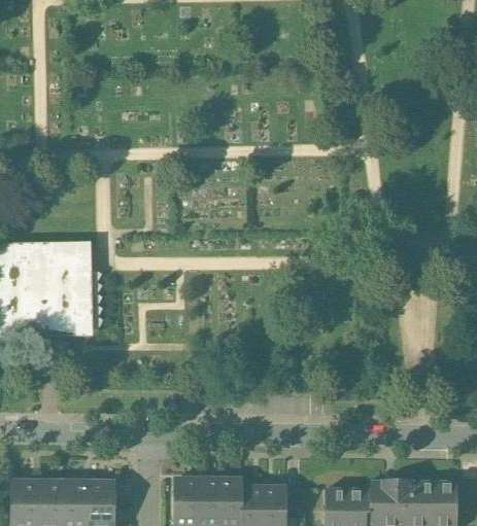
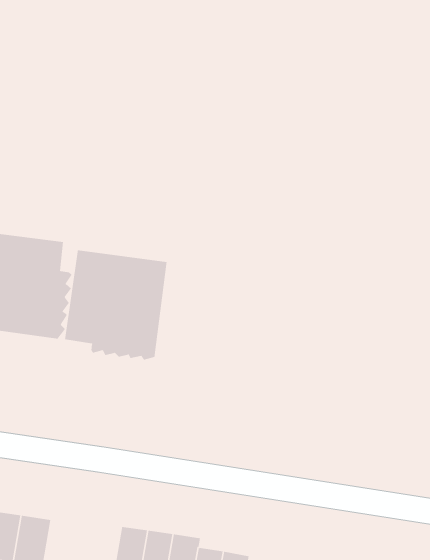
building: none -> [64,250,167,361]

